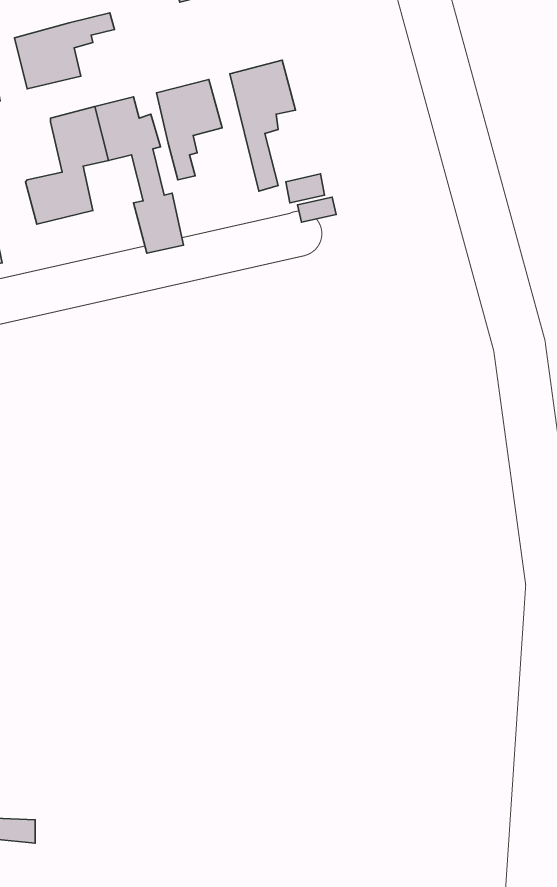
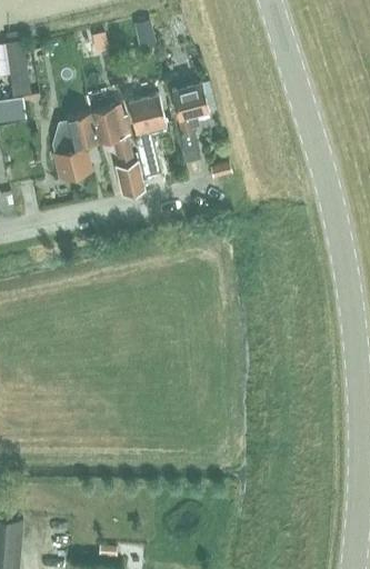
building: [14,13,115,89] -> none

